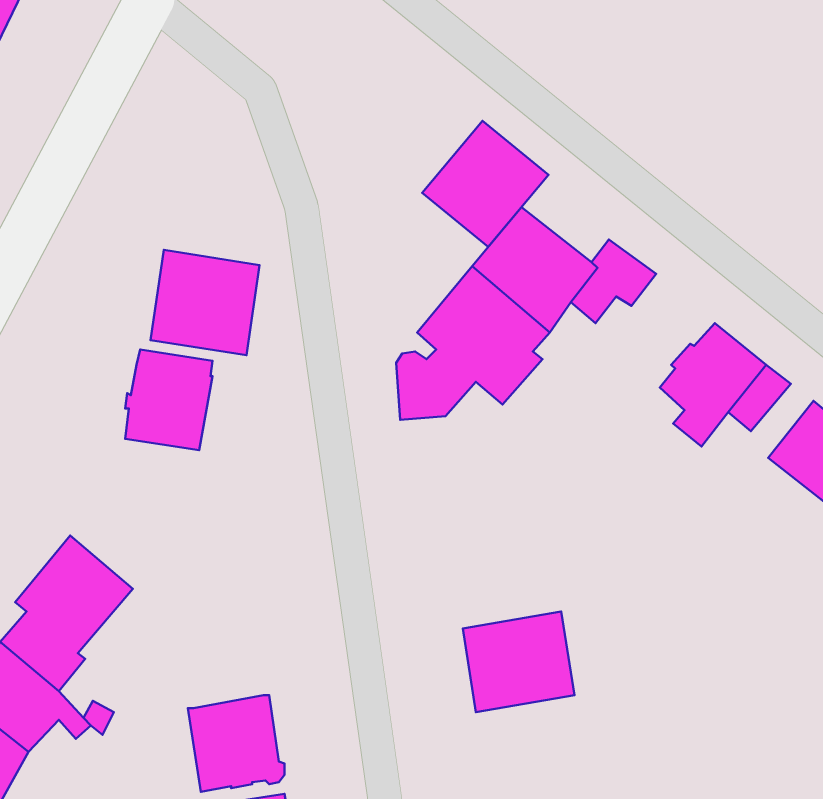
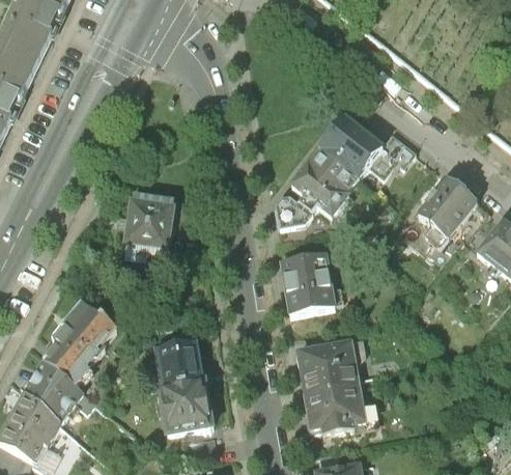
building: [422,121,549,247] -> none
building: [151,250,260,355] -> none
building: none -> [290,251,342,310]
building: none -> [151,344,196,389]
building: none -> [312,382,384,430]

